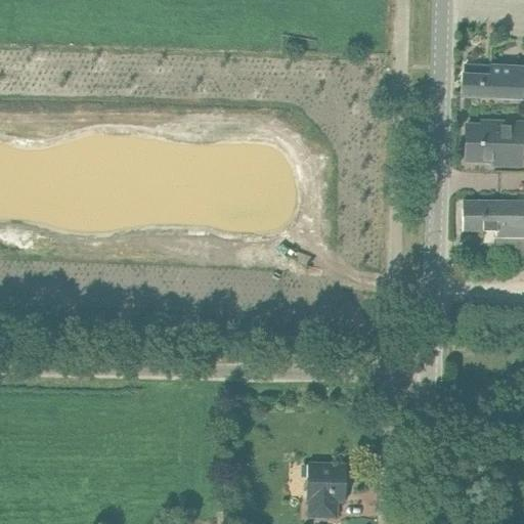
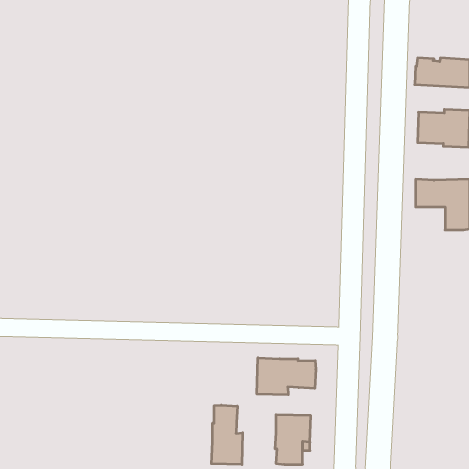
building: none -> [257,358,316,395]
building: none -> [211,405,243,465]

